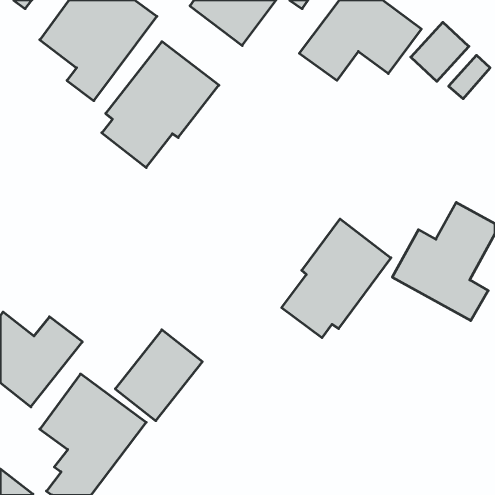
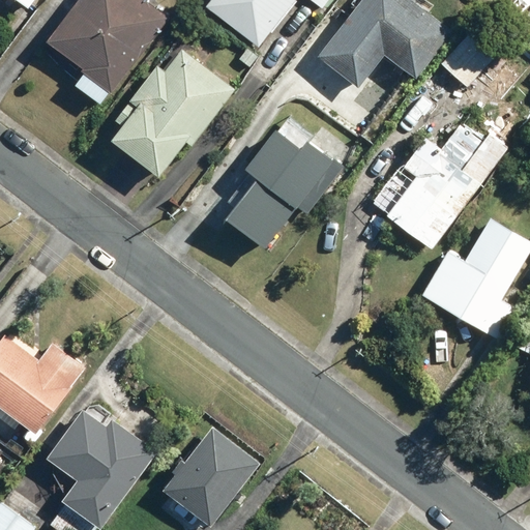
building: none -> [370,120,507,249]
building: none -> [226,131,342,249]
building: [282,219,391,338] -> none
building: [115,330,202,421] -> [166,428,259,525]

